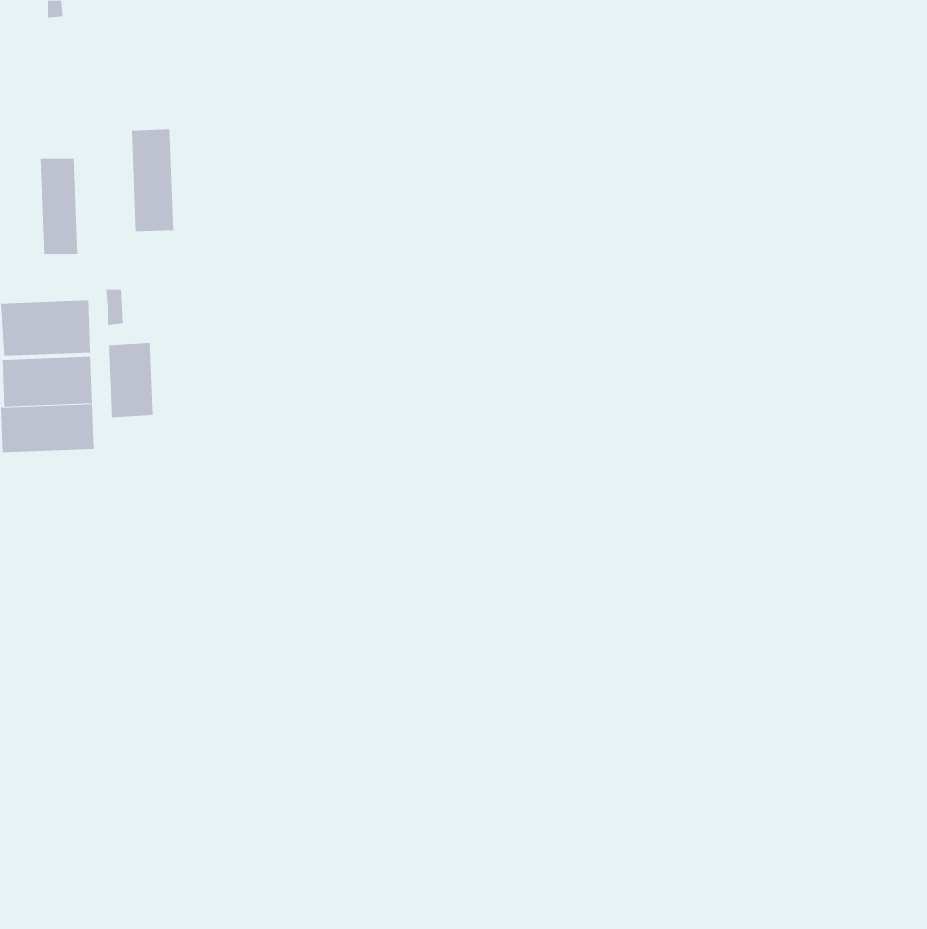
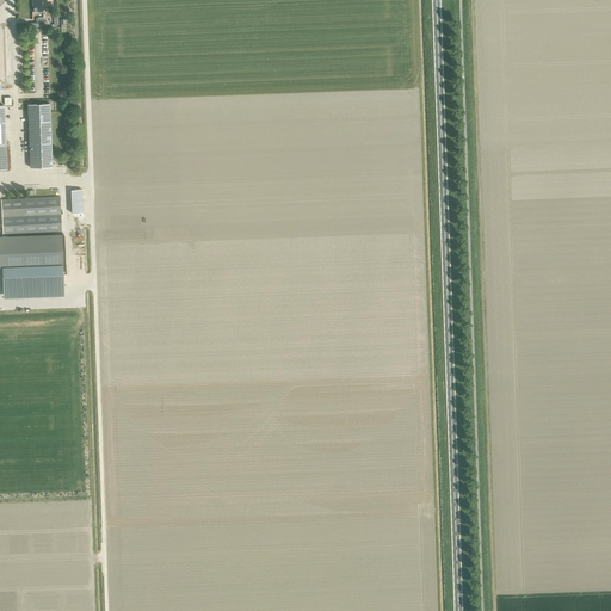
building: [131,128,174,232] -> none
building: [108,342,153,418] -> none

